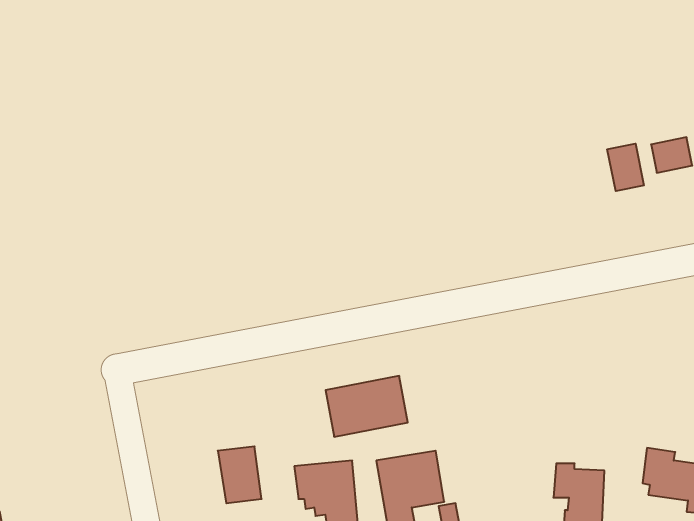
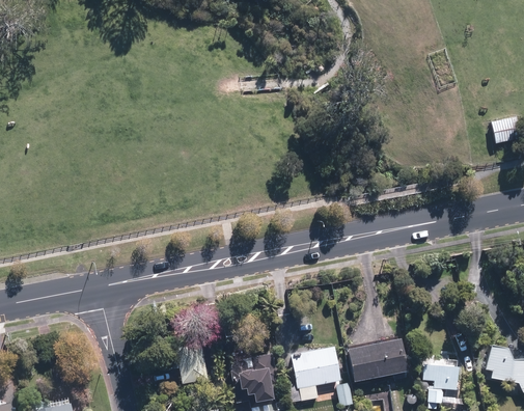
building: [607,144,644,191] -> none
building: [326,376,408,437] -> [346,336,406,381]

